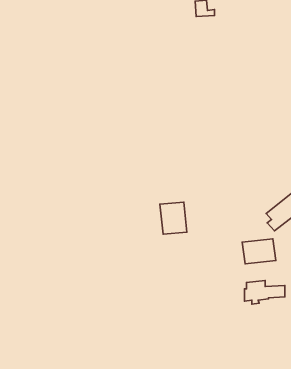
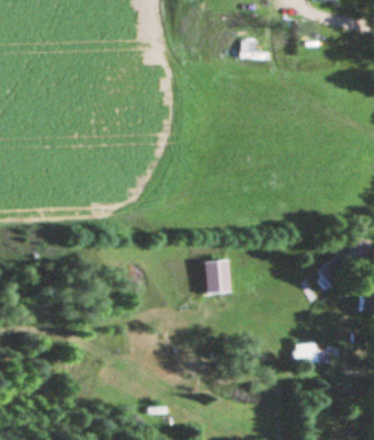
building: [242,239,276,264] -> none

